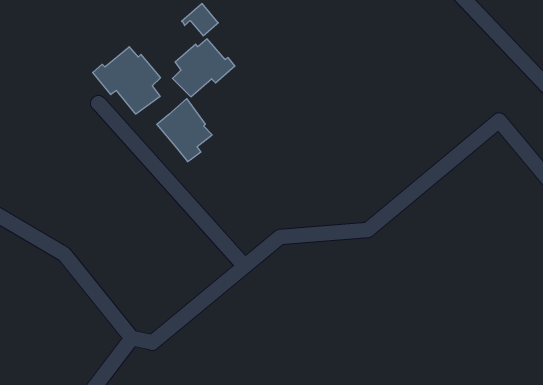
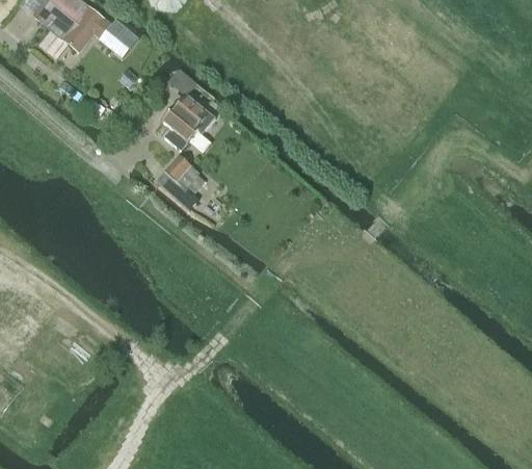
building: [93,47,160,114] -> none

